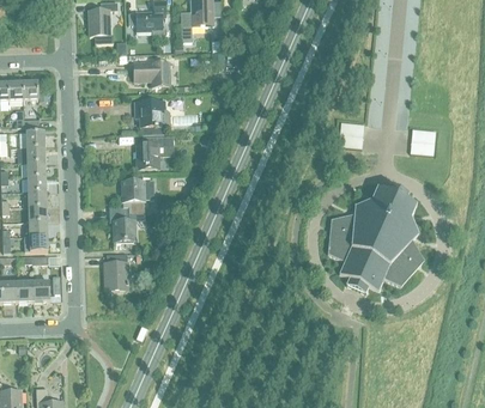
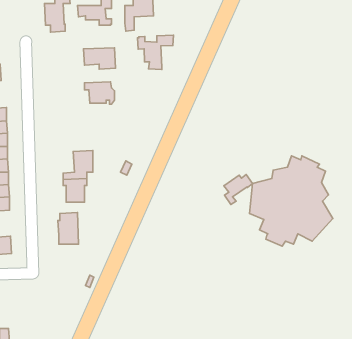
building: none -> [138,35,174,69]
building: [138,134,165,164] -> none
building: none -> [224,174,252,204]

